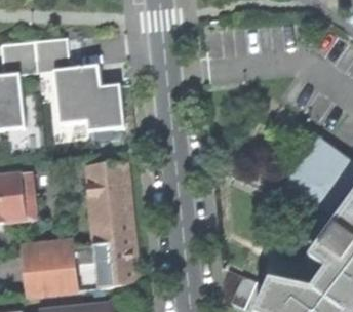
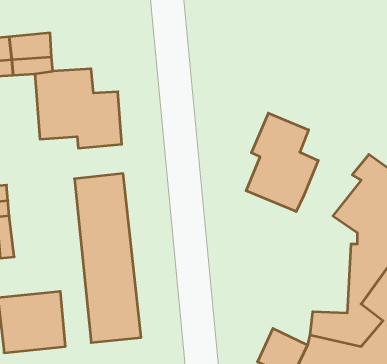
building: none -> [246,113,318,212]

